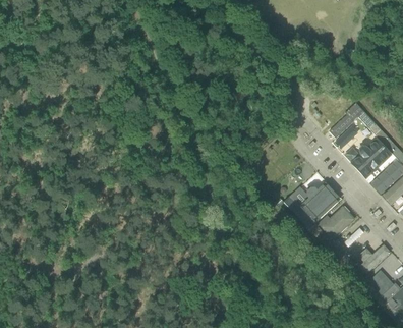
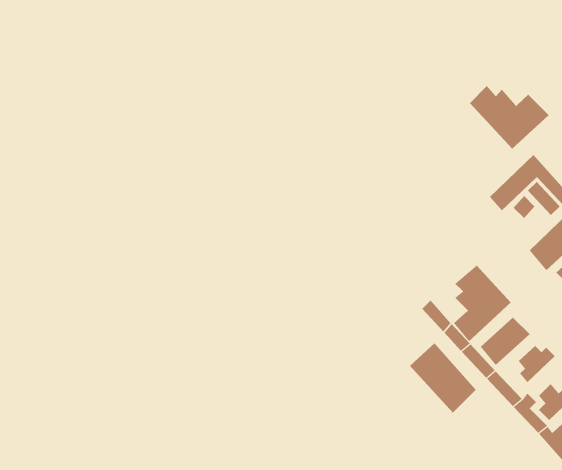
building: none -> [469,85,549,149]
building: none -> [409,342,476,413]

